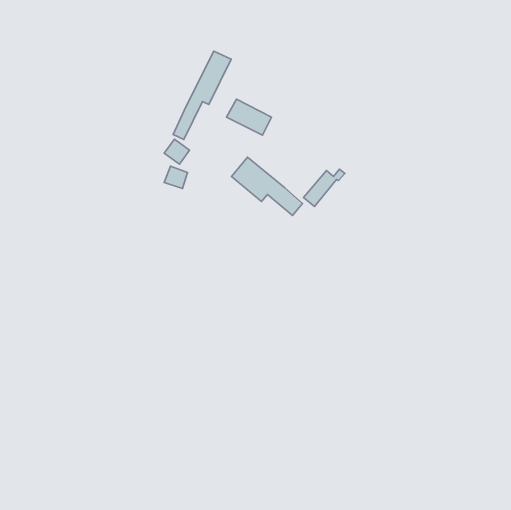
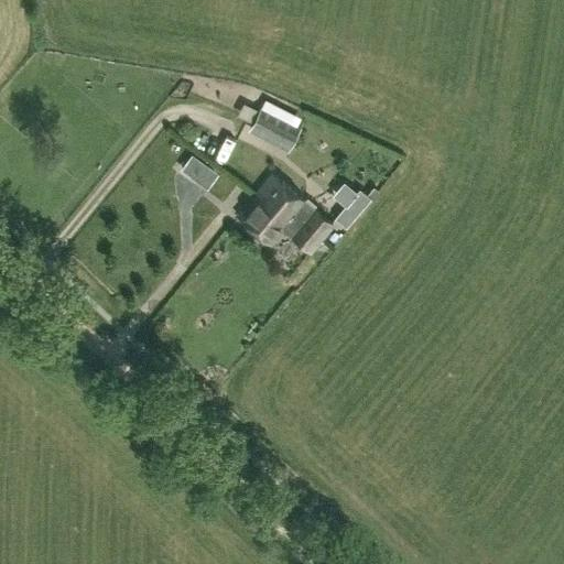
building: [173,51,231,140] -> none
building: none -> [238,196,323,252]

